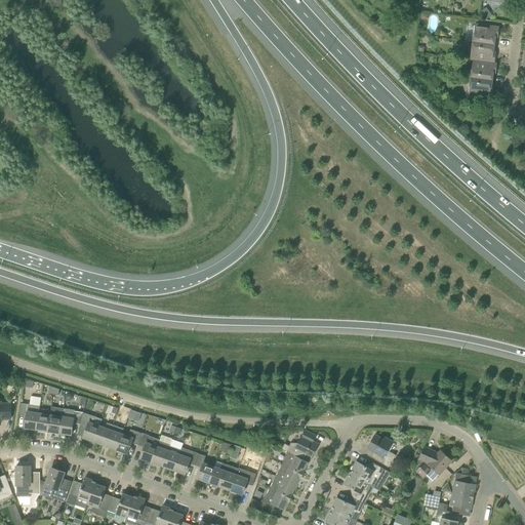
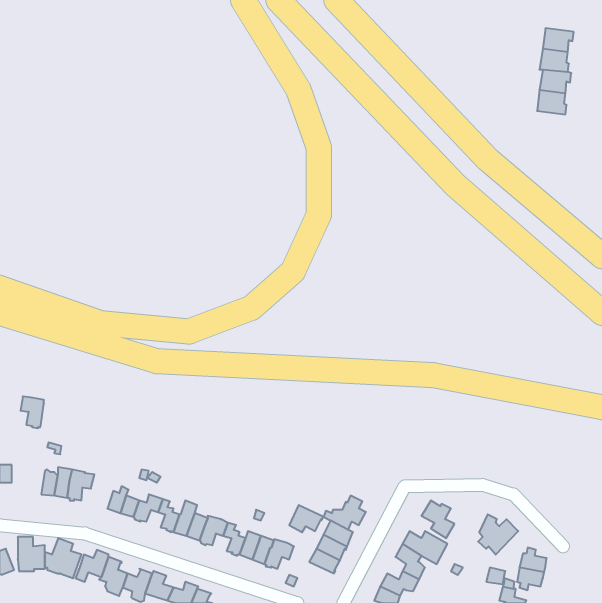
building: [18,403,39,431] -> [20,396,44,428]
building: [79,412,102,442] -> none
building: [260,488,290,512] -> [289,505,323,532]

